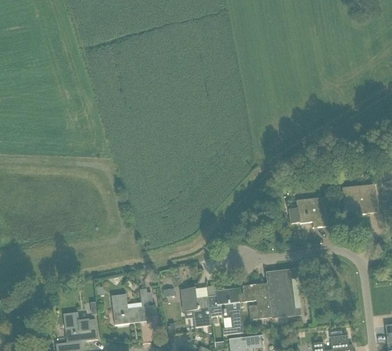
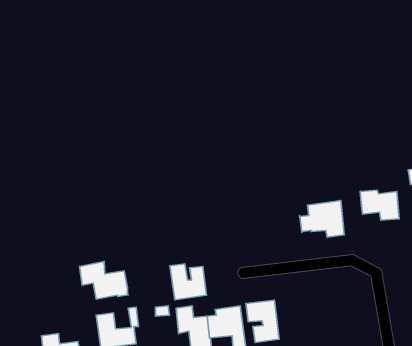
building: none -> [80,262,128,299]
building: none -> [170,264,206,300]
building: [265,268,299,317] -> none

